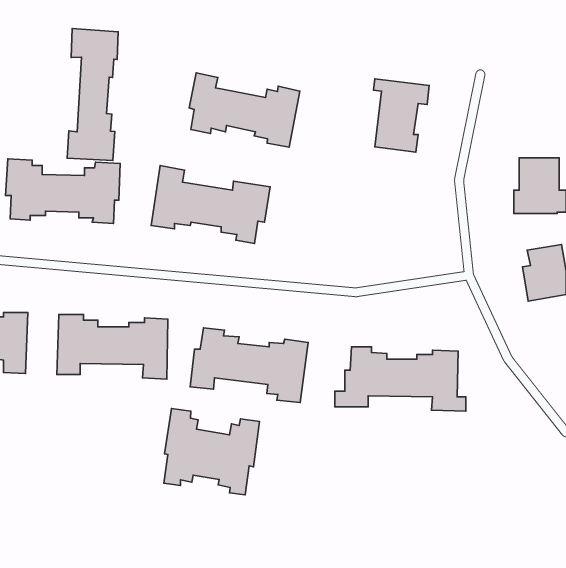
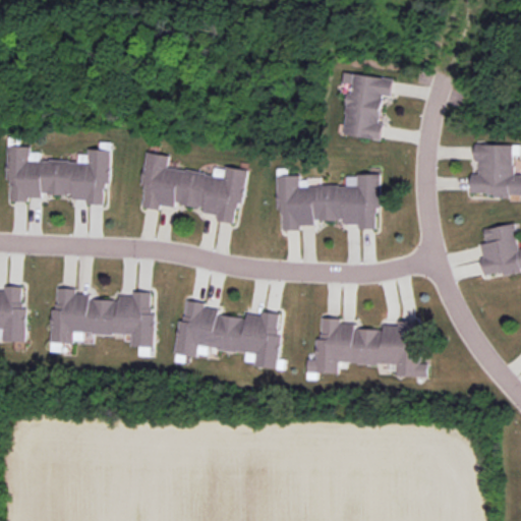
building: [67,29,118,160] -> none
building: [189,73,300,147] -> none
building: none -> [278,174,381,230]
building: [164,408,260,495] -> none

